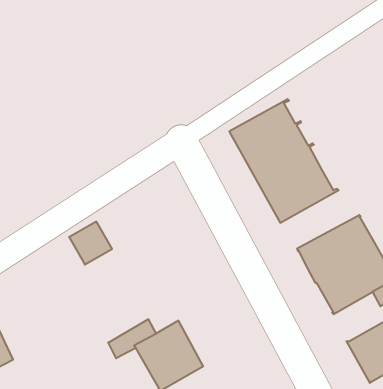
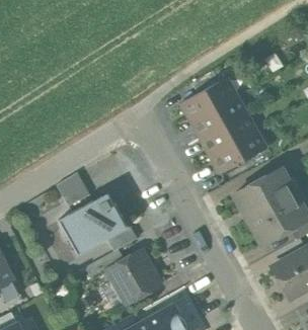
building: none -> [59,192,130,256]

